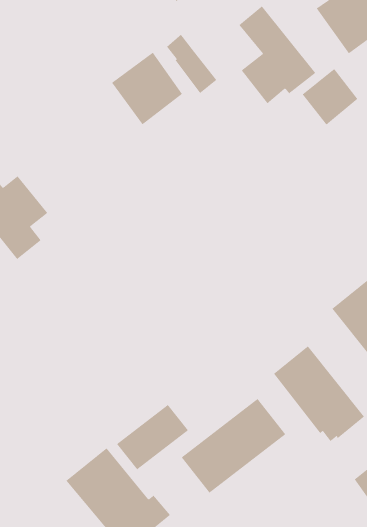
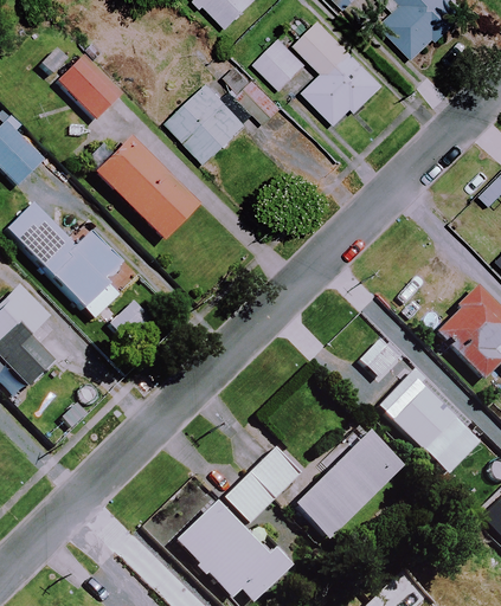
building: none -> [56,52,122,120]
building: none -> [259,33,311,85]
building: [302,68,358,125] -> none
building: none -> [84,137,198,239]

